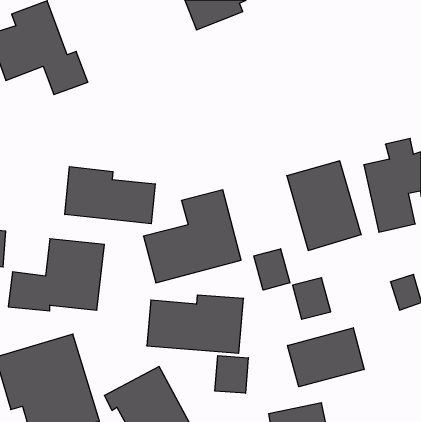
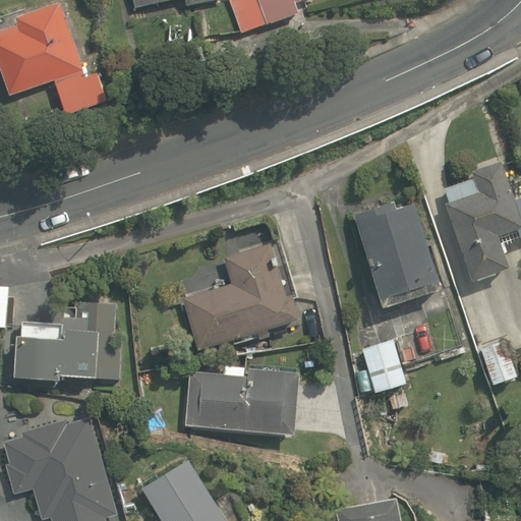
building: [65,167,155,224] -> none
building: [254,249,290,290] -> none
building: [288,328,364,387] -> none
building: [215,356,248,393] -> none

